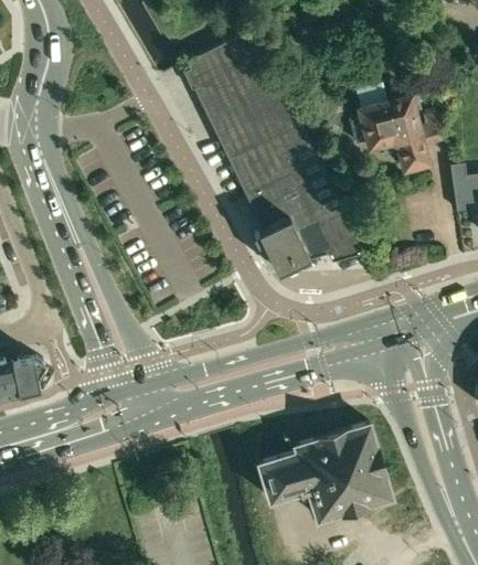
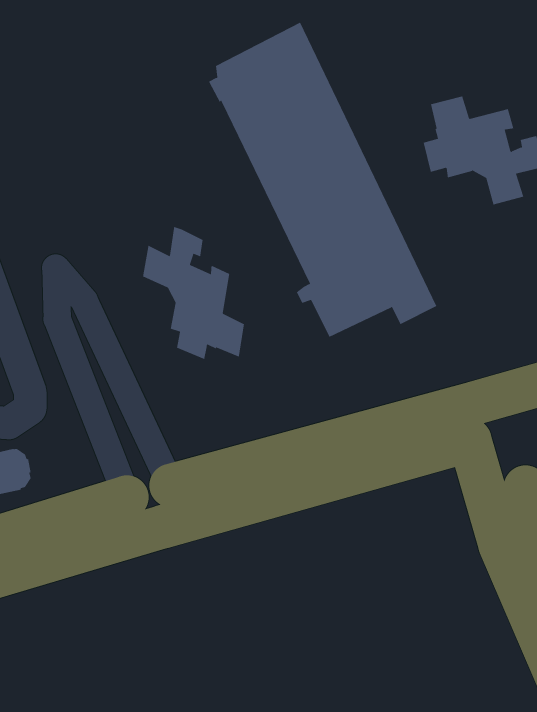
building: none -> [142,226,245,360]
building: [258,423,391,519] -> none

